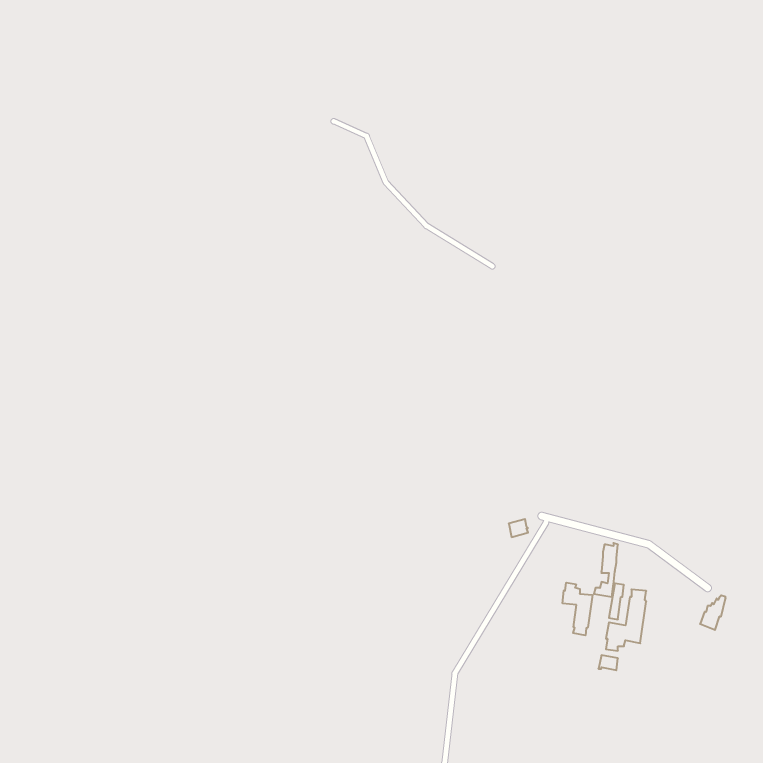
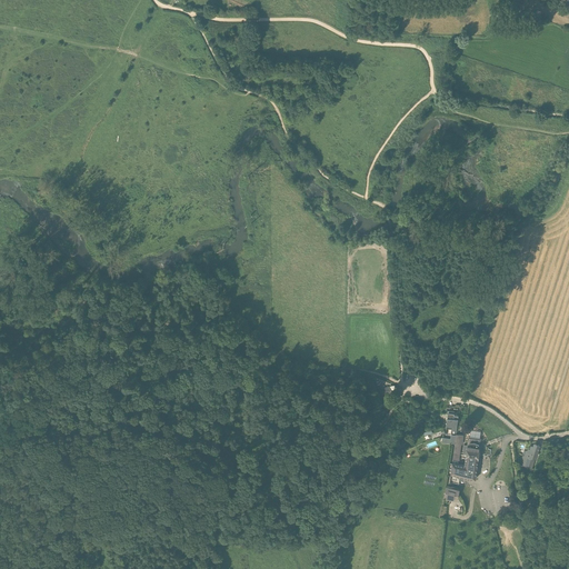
building: [563,583,592,635] -> none

